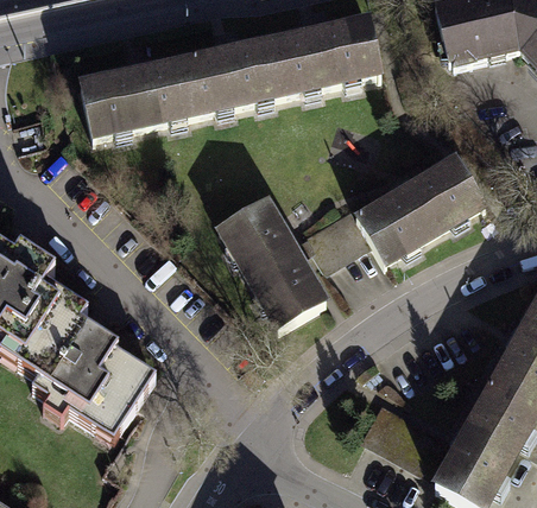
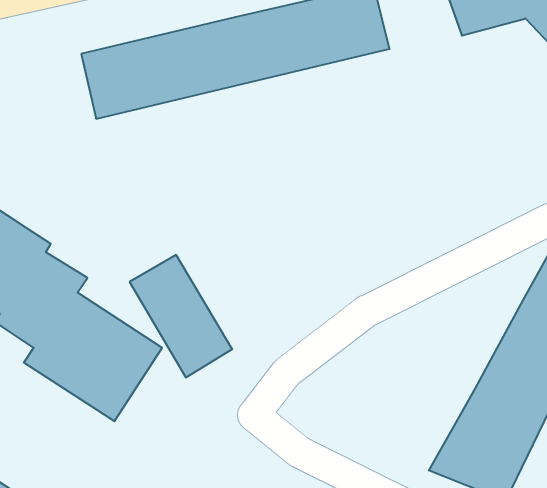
building: [358,151,488,260] -> none
building: [223,209,323,328] -> [130,255,232,377]

